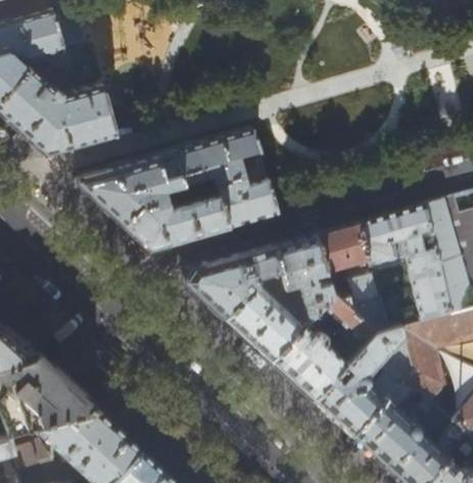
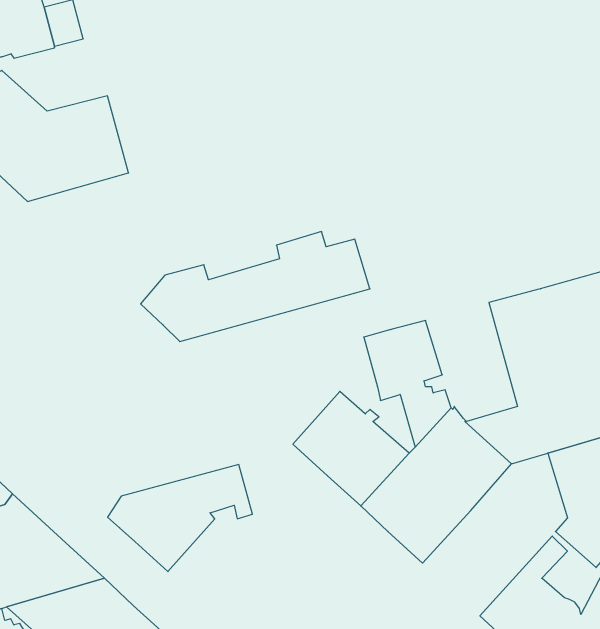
building: [76,129,259,225] -> none
building: [316,224,378,304] -> none
building: [185,247,283,320] -> [108,465,252,572]
building: [314,326,412,436] -> none

